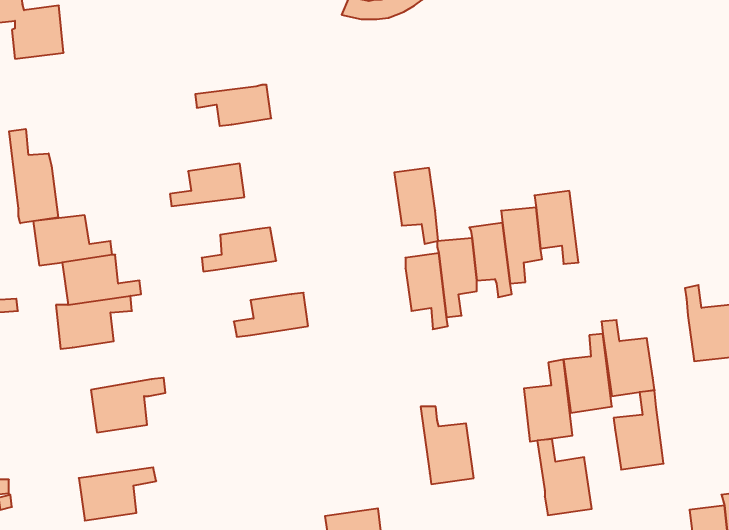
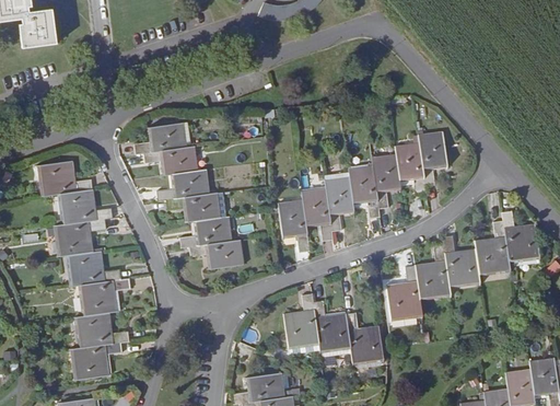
building: [195,85,271,126] -> [143,146,198,175]
building: [9,129,58,223] -> none
building: [394,168,438,244] -> [278,198,310,253]
building: none -> [419,131,448,186]
building: none -> [166,193,221,222]
building: none -> [191,239,244,269]
building: none -> [63,250,120,287]
building: [614,391,664,470] -> [476,220,512,277]
building: none -> [284,292,320,350]
building: none -> [73,312,130,348]
building: [537,439,592,515] -> [347,312,386,367]

